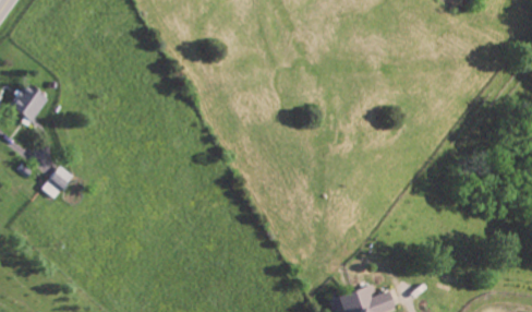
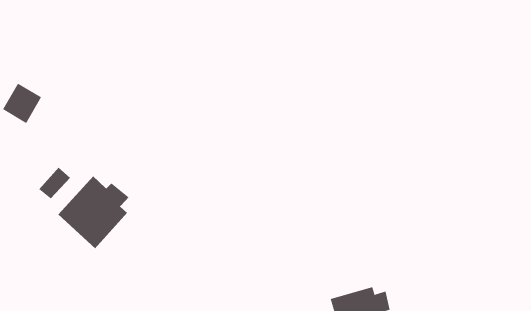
building: none -> [58,175,129,249]

